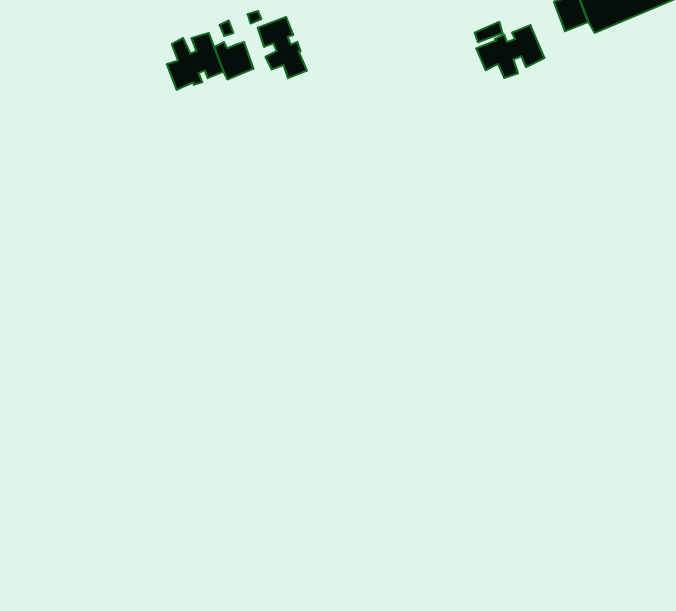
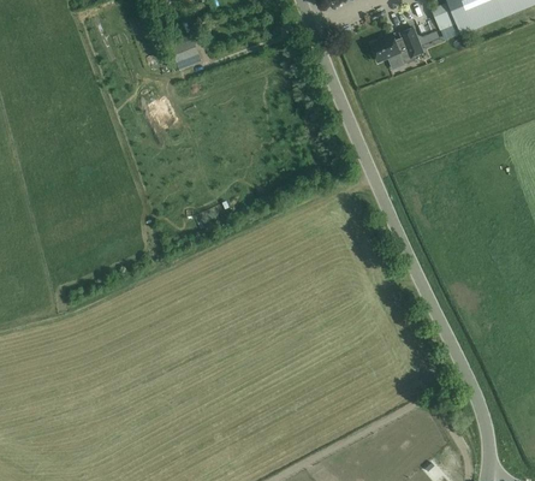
building: [258,17,307,78] -> none
building: [167,33,224,90] -> none

